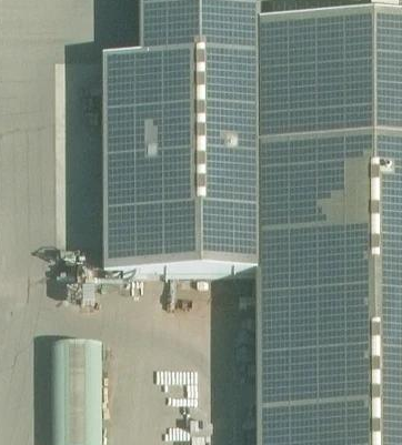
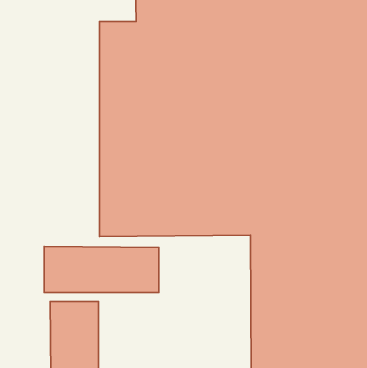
building: none -> [44,246,159,292]

